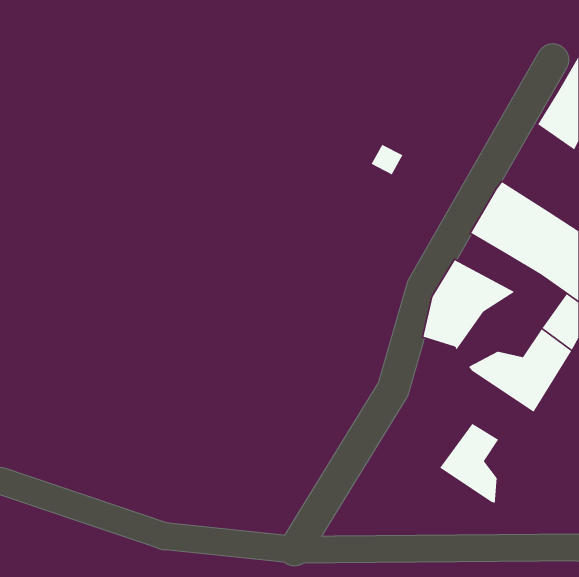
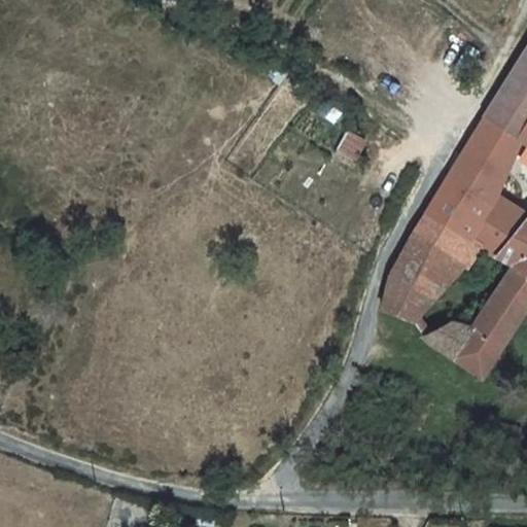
building: none -> [456,113,522,192]
building: none -> [413,212,491,266]
building: [439,423,499,504] -> none

